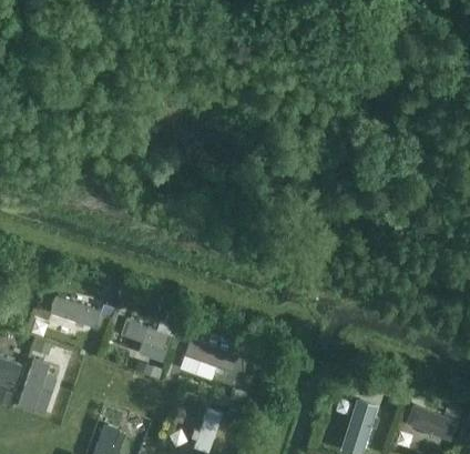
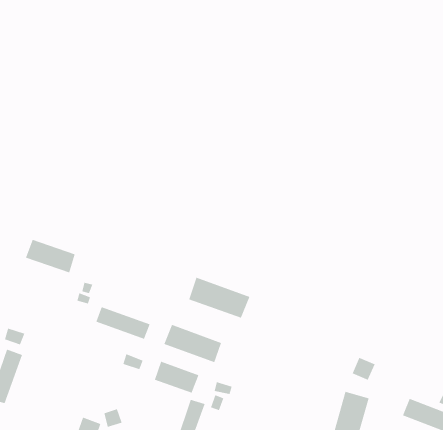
building: none -> [188,277,250,319]
building: [50,295,98,327] -> [25,239,76,273]
building: none -> [154,361,199,393]

